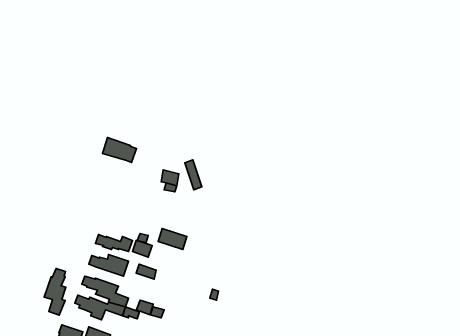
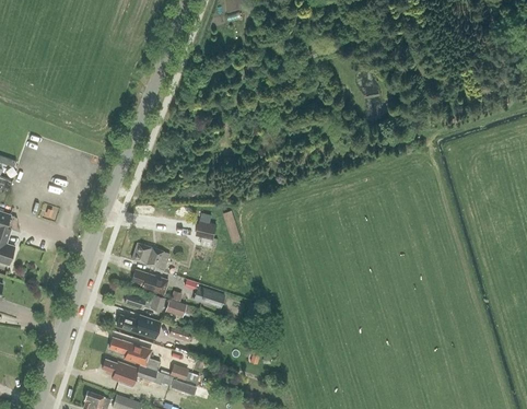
building: [103,138,136,162] -> [132,242,169,269]
building: none -> [132,270,168,295]
building: [44,268,66,315] -> none

